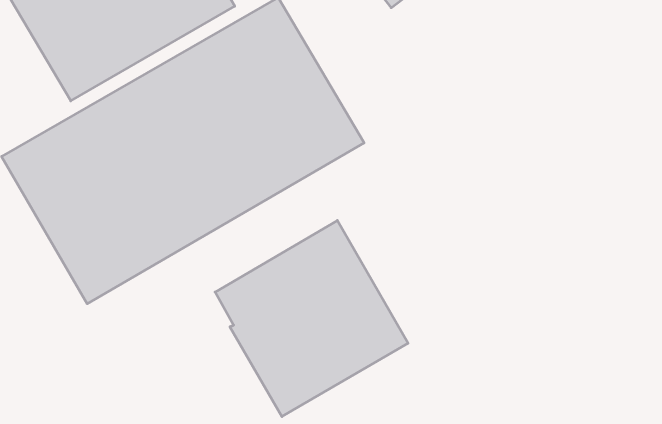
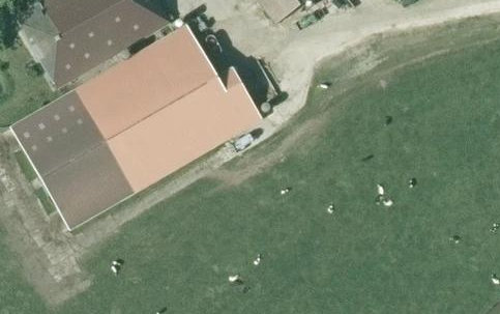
building: [215,220,408,417] -> none

